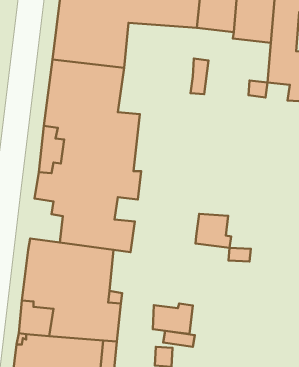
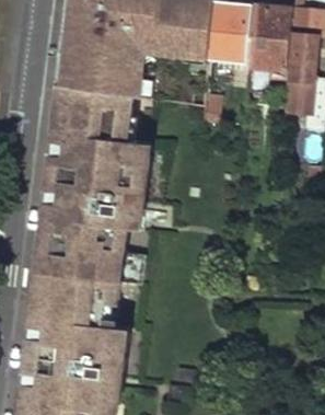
building: none -> [36,231,70,277]
building: [196,214,231,248] -> none
building: [153,304,193,334] -> none

